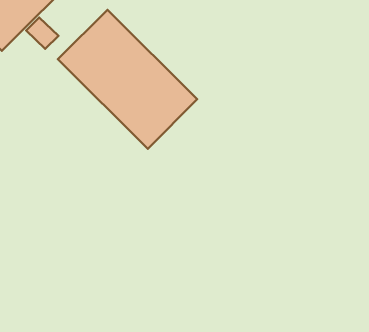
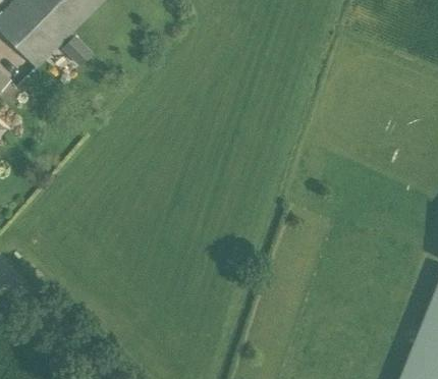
building: [58,10,197,149] -> none

